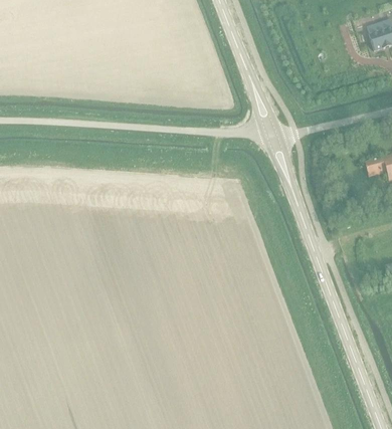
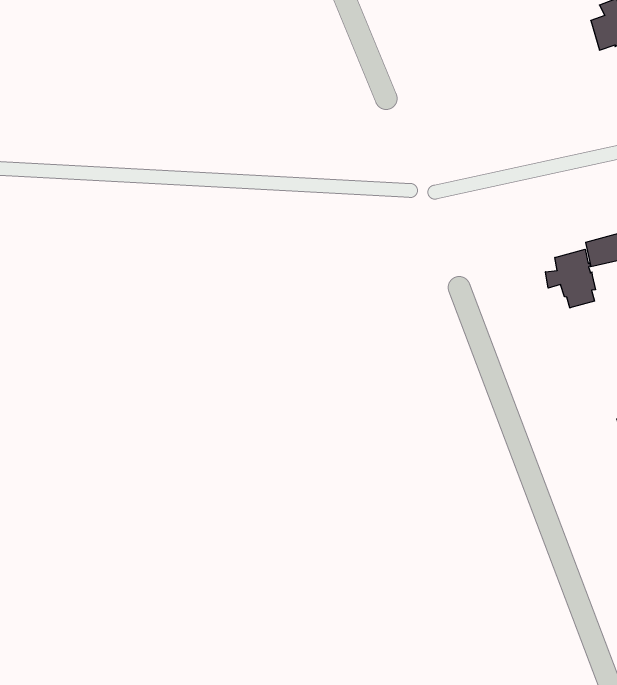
building: none -> [546,249,595,308]

